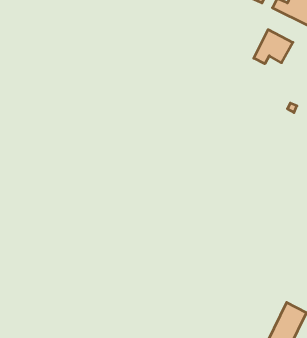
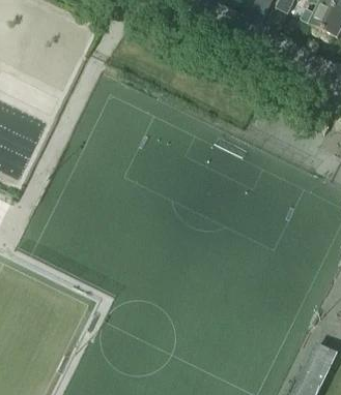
building: [254,30,293,64] -> none

